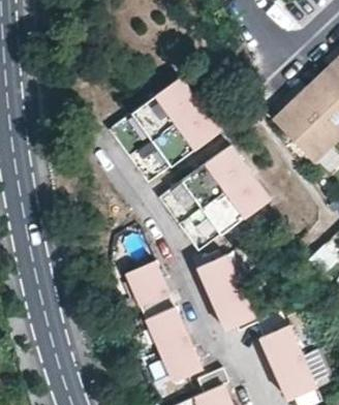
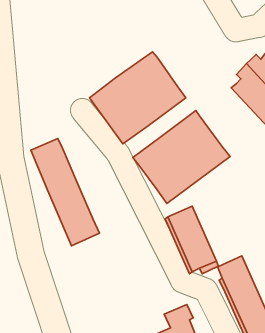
building: [125,260,204,383] -> [31,138,99,246]

